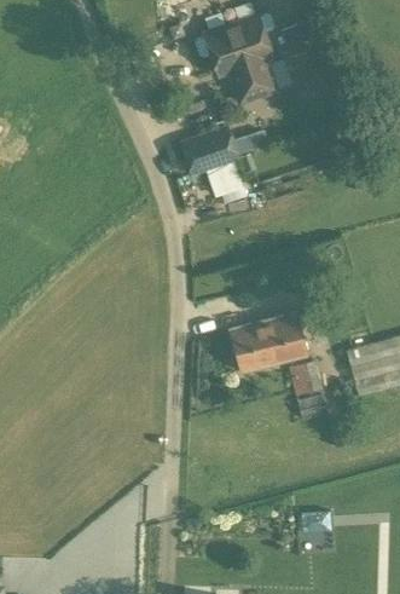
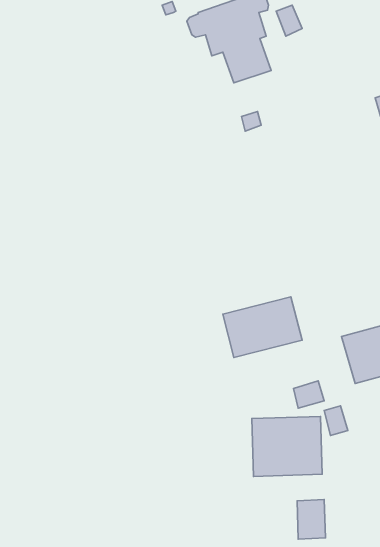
building: [180,125,254,177] -> none
building: [290,362,324,396] -> none
building: none -> [252,416,322,476]

